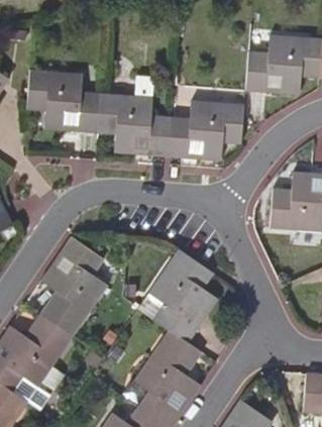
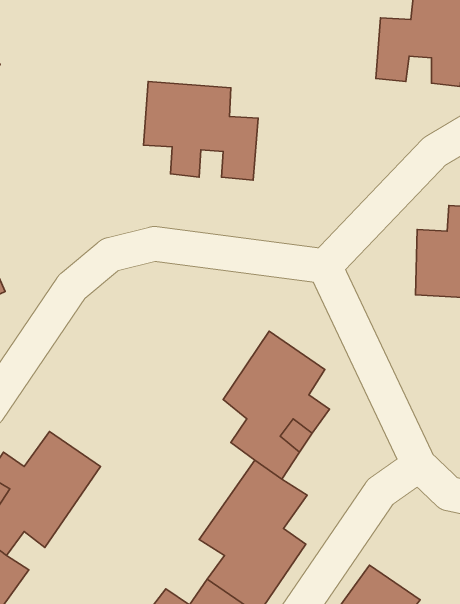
building: [27,68,102,131] -> none
building: [169,98,245,157] -> none
building: [39,235,107,335] -> none

